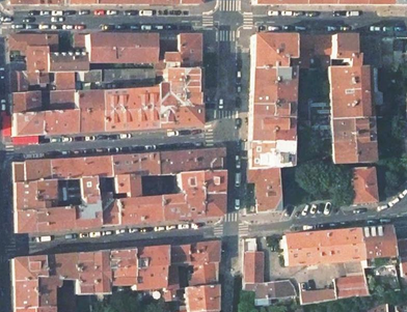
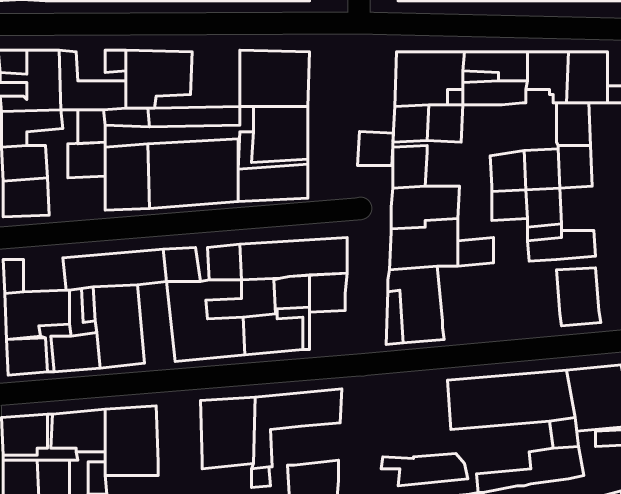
building: [129,34,159,61] -> none
building: [331,66,352,91] -> none
building: [272,96,294,117] -> [358,131,393,165]
building: [42,111,77,135] -> none
building: [354,117,375,140] -> none
building: [27,161,53,181] -> none
building: [97,175,119,225] -> none
building: [201,193,223,217] -> none
building: [246,237,266,283] -> none
building: [108,248,136,285] -> none
building: [191,261,220,287] -> none

